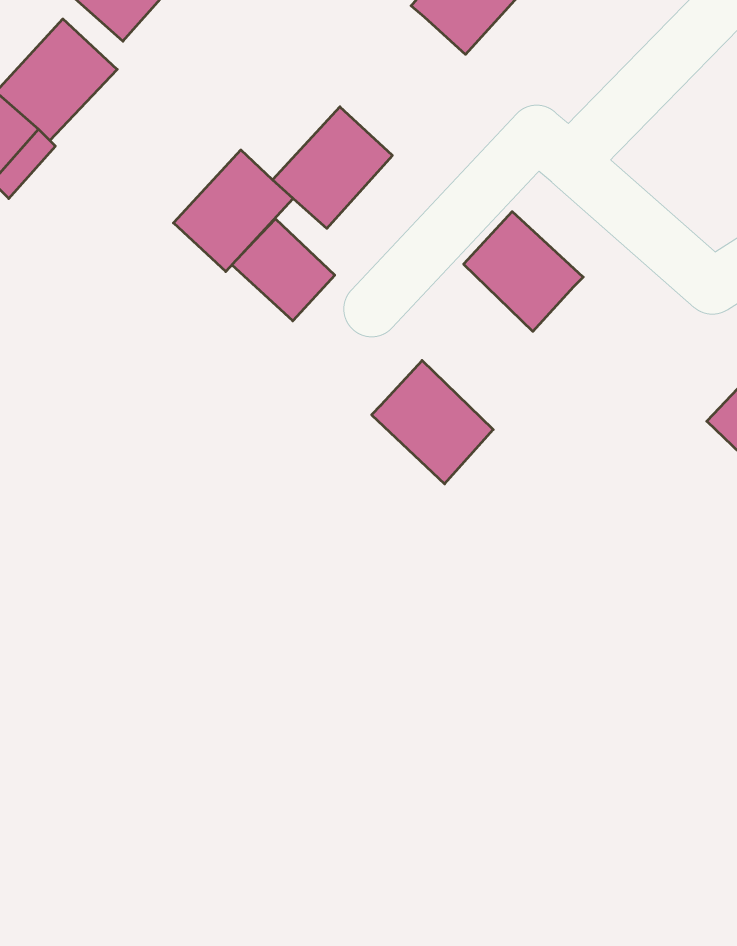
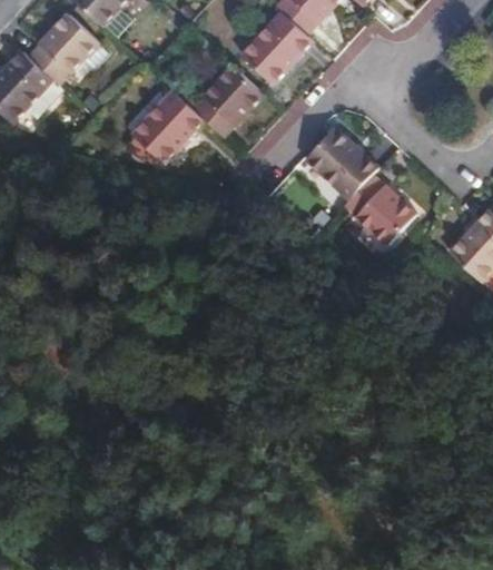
building: none -> [239,11,312,83]
building: [232,219,335,321] -> none
building: [372,360,493,484] -> [341,171,413,245]

